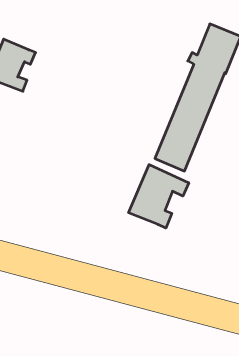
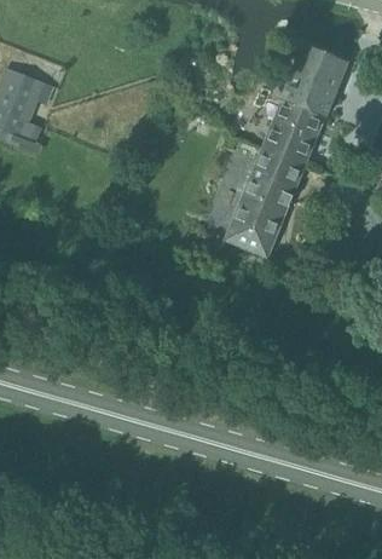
building: [129,165,189,228] -> none

